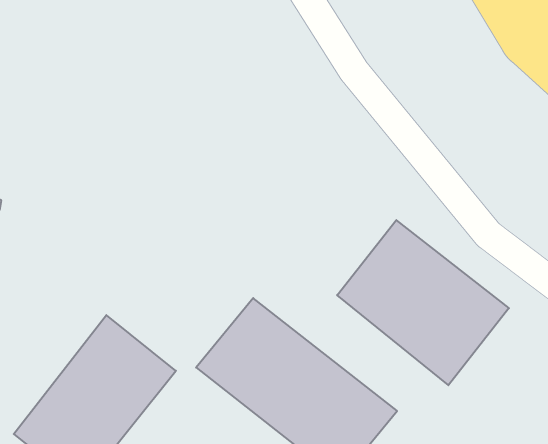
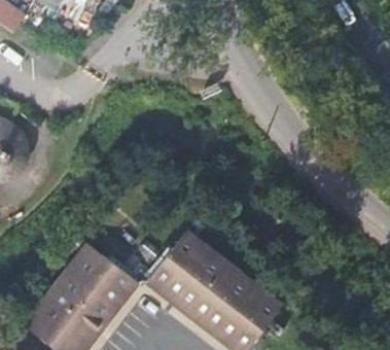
building: [337,220,509,385] -> none

